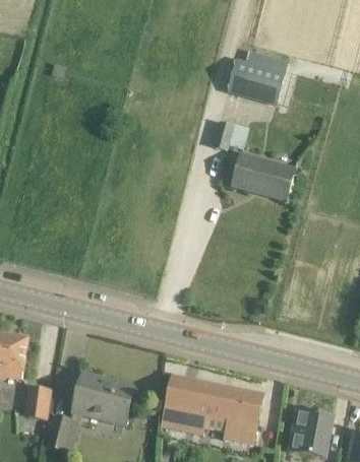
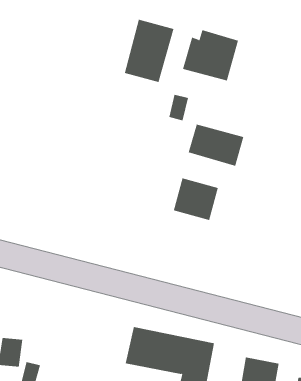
building: none -> [124,19,174,83]
building: none -> [173,177,218,221]
building: [72,371,134,423] -> none

